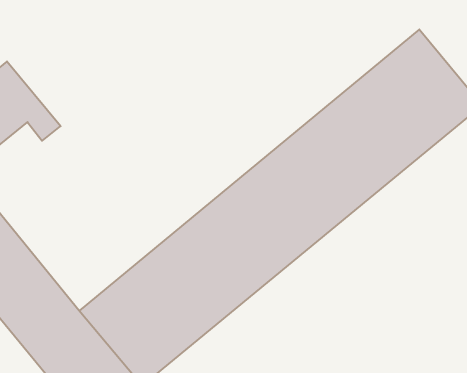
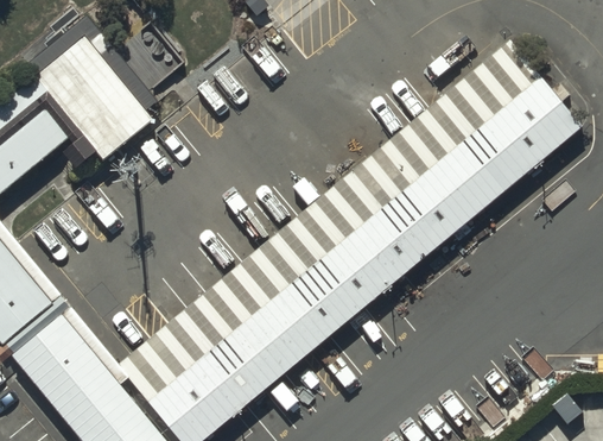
building: none -> [33,37,152,162]

